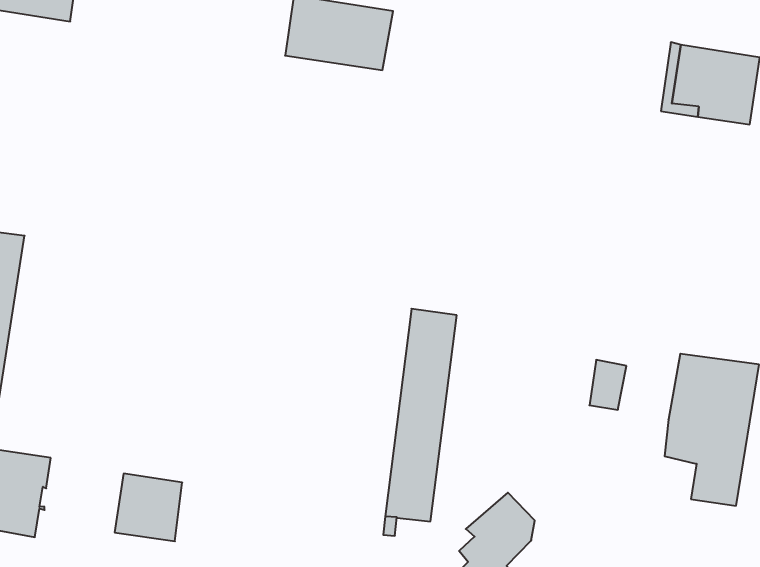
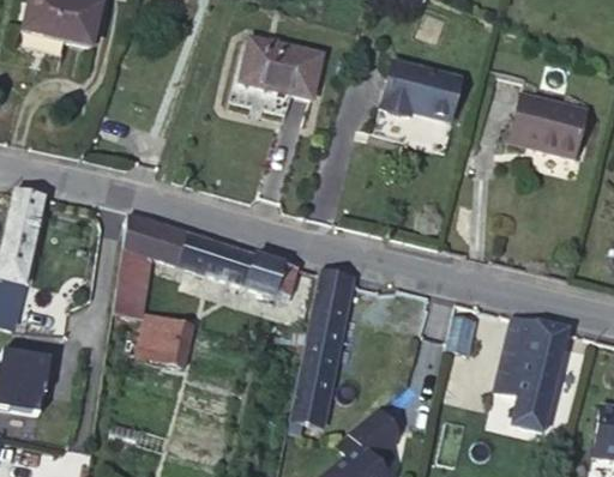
building: none -> [383,60,459,116]
building: none -> [113,213,299,315]
building: [115,474,182,541] -> [143,318,194,369]

